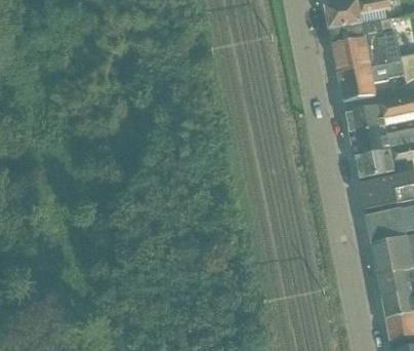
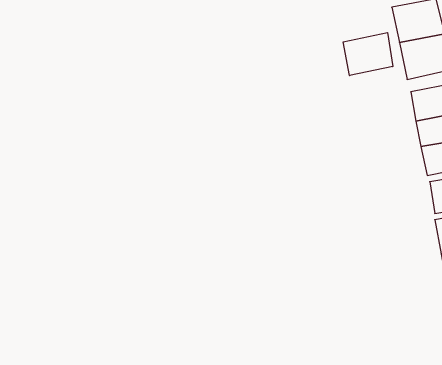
building: none -> [343,33,393,76]

